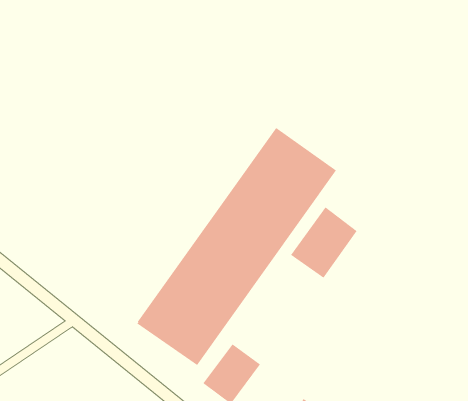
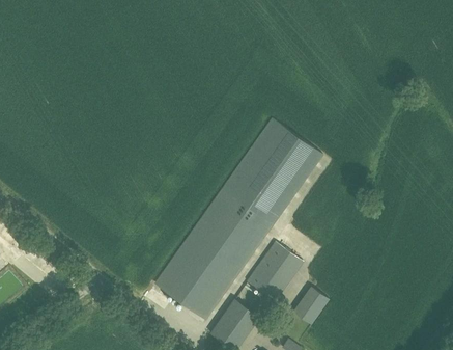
building: [290,206,357,279] -> [247,241,303,301]
building: none -> [293,288,329,325]

